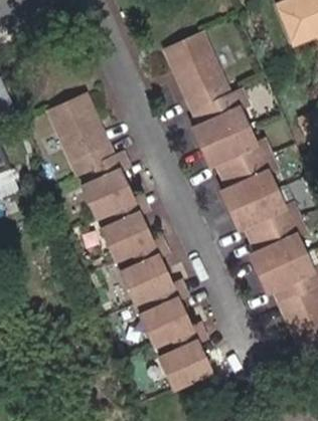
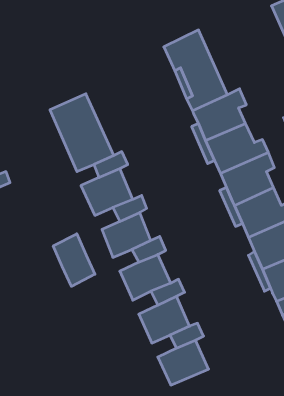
building: none -> [53,234,95,286]

